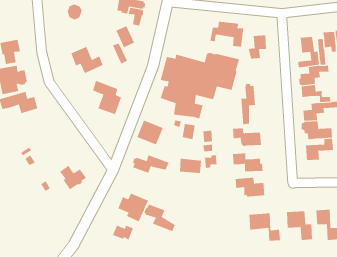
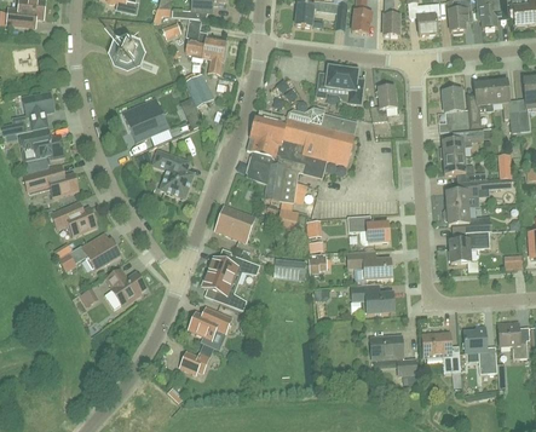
building: [241,83,255,125] -> none
building: none -> [51,201,97,235]
building: none -> [82,232,120,269]
building: [143,204,176,232] -> [201,271,246,310]

